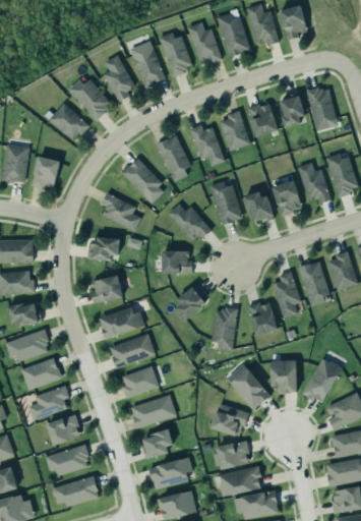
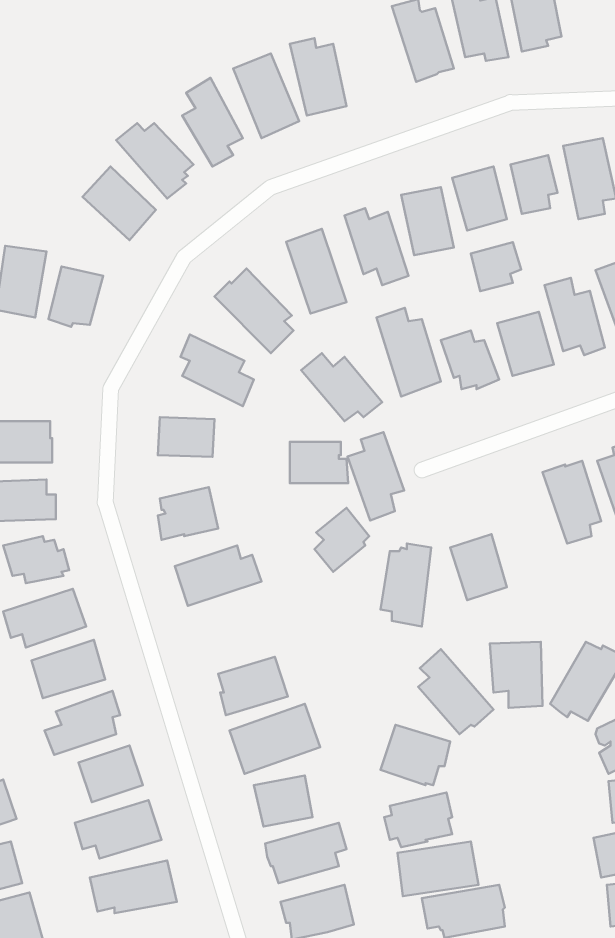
building: [188,22,222,63] -> none
building: none -> [471,242,521,291]
building: [272,271,302,319] -> [348,432,404,521]
building: [109,333,156,367] -> none

